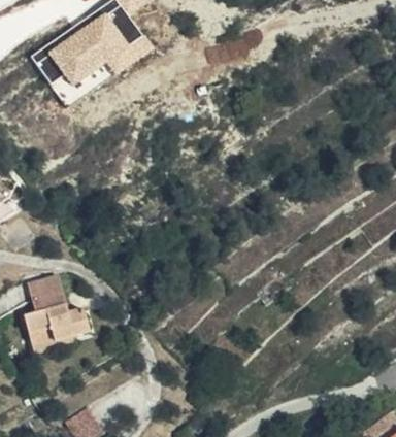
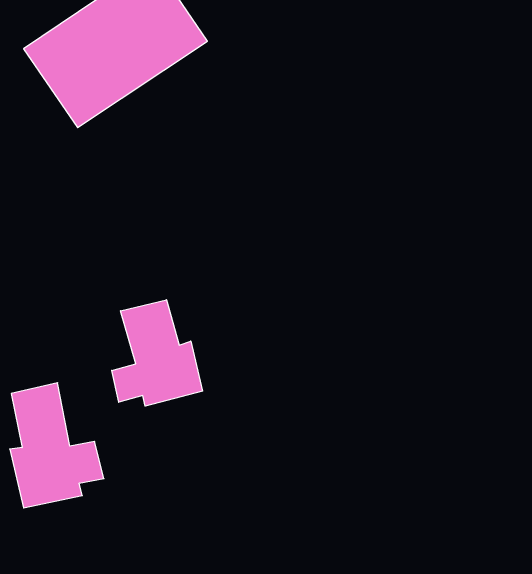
building: none -> [112,300,203,406]

